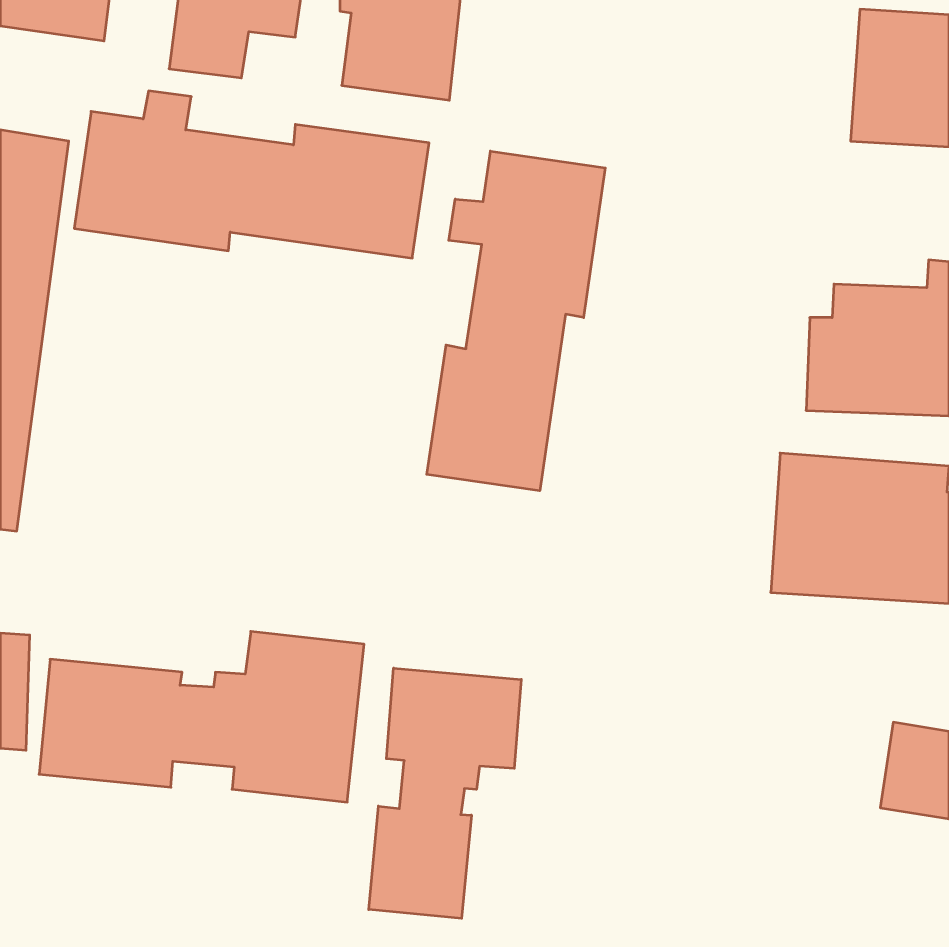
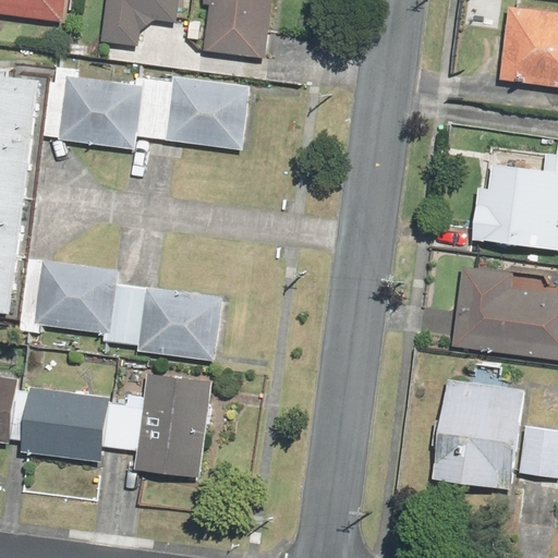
building: [427,151,605,491] -> none
building: none -> [43,264,220,361]
building: none -> [433,375,524,492]
building: [369,668,521,918] -> none

